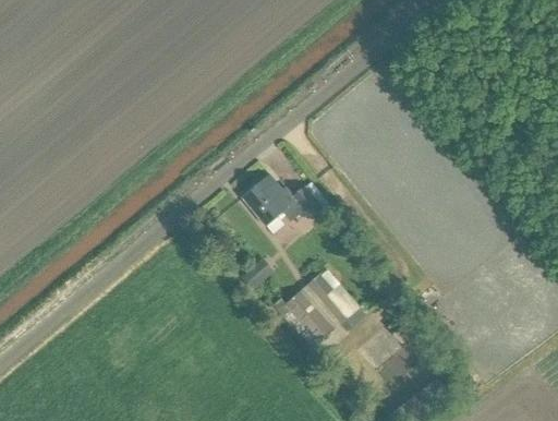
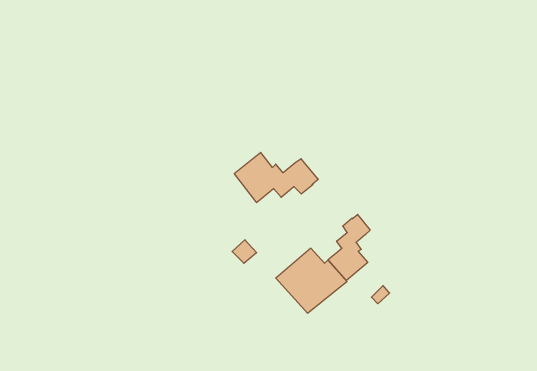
building: none -> [328,214,370,281]

